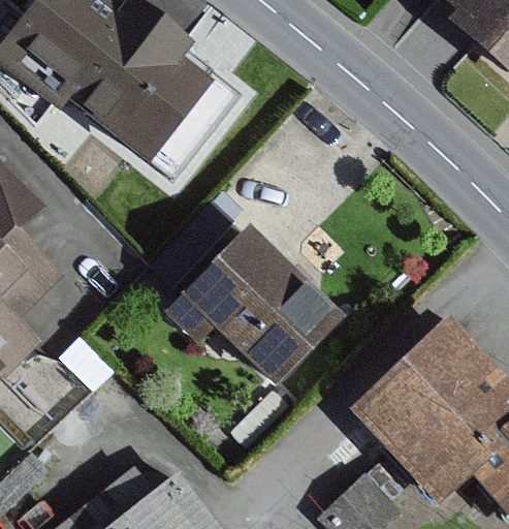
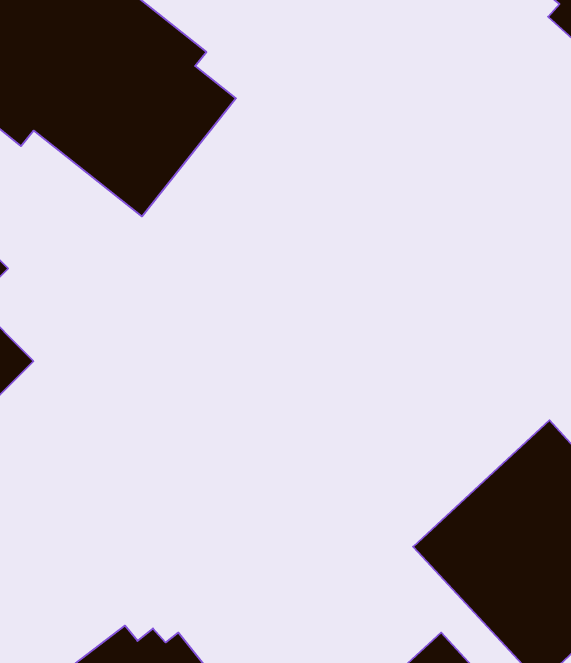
building: [170,228,344,388] -> none

